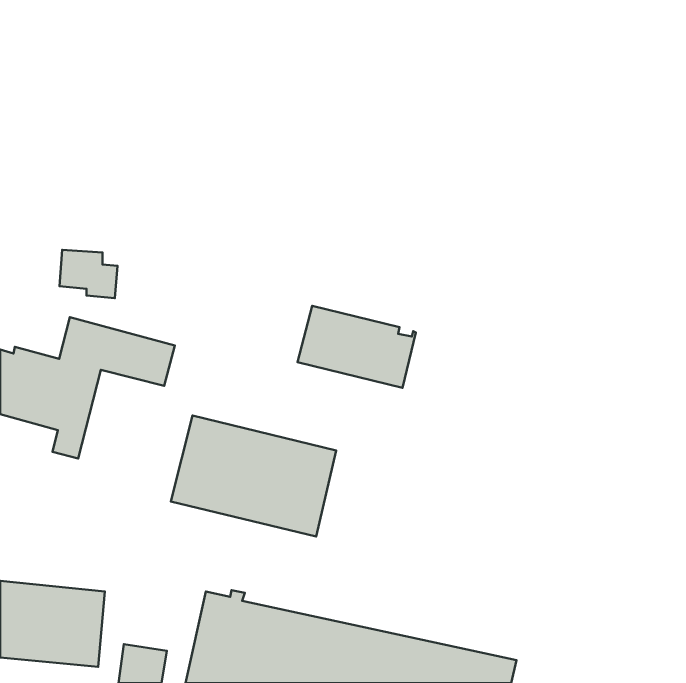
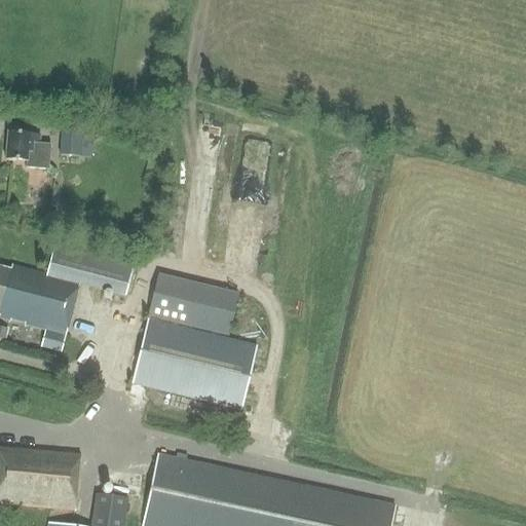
building: none -> [60,127,95,156]
building: [60,250,117,298] -> [7,132,51,168]
building: [297,306,416,388] -> [148,272,238,335]

